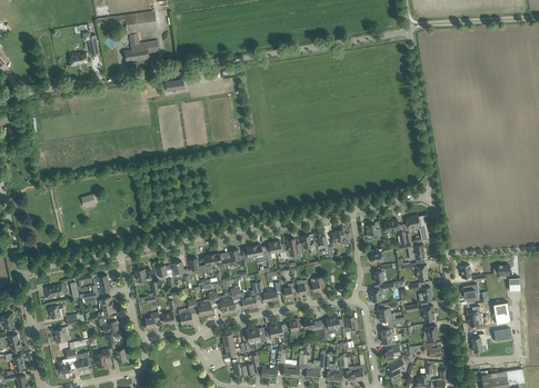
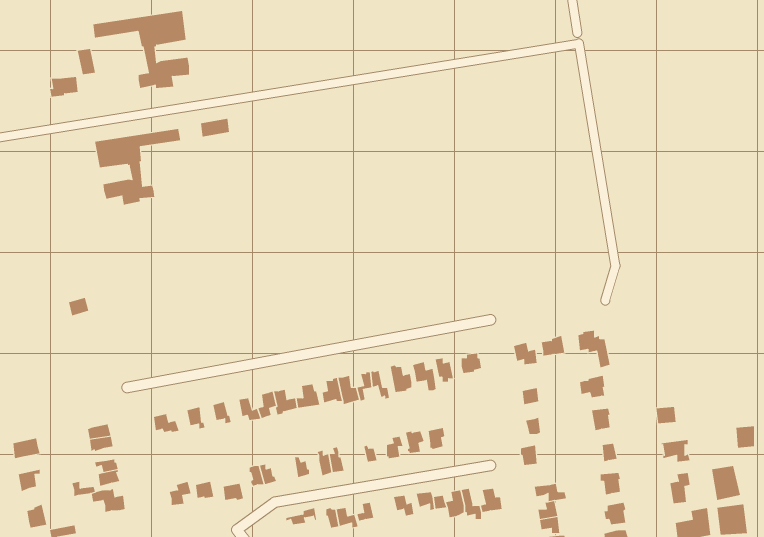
building: none -> [94,128,181,206]

